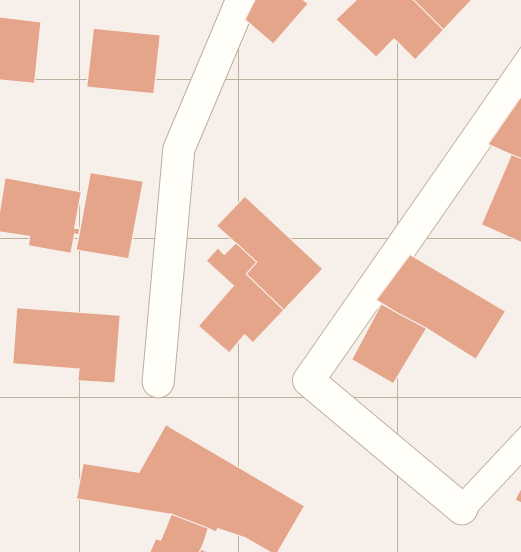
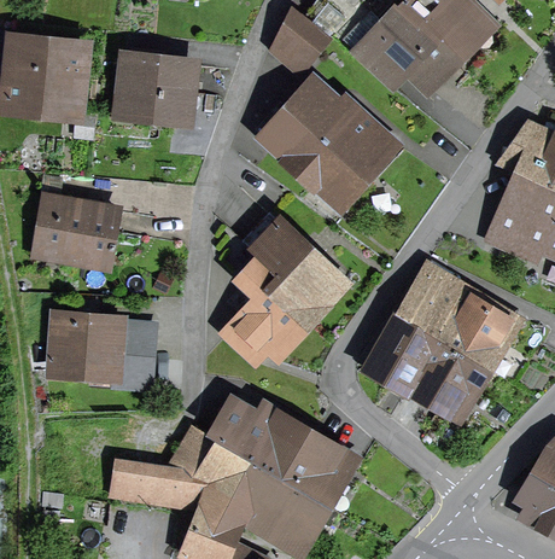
building: none -> [265,82,390,205]
building: [76,172,143,259] -> none
building: none -> [409,337,485,414]
building: none -> [216,403,352,502]

